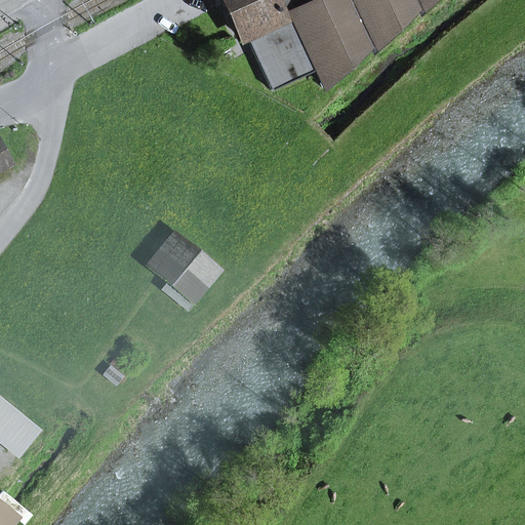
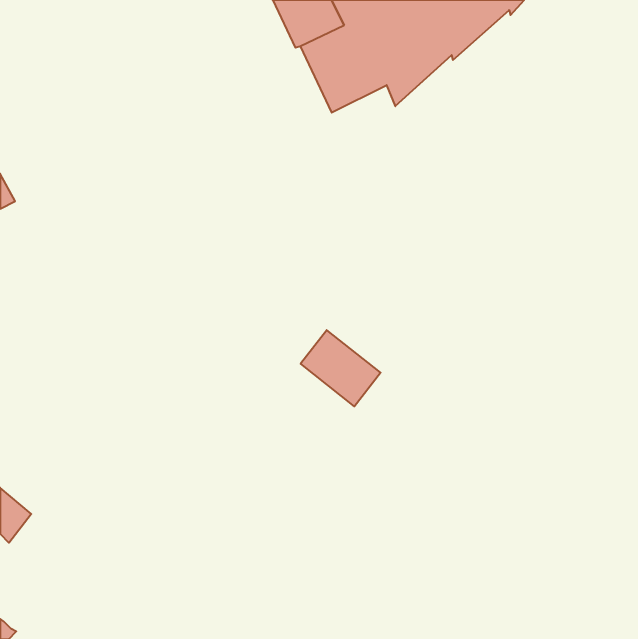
building: [153,236,218,298] -> [301,330,381,406]

